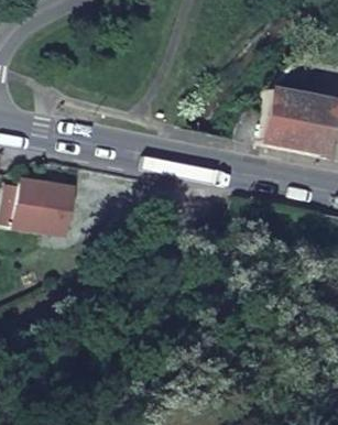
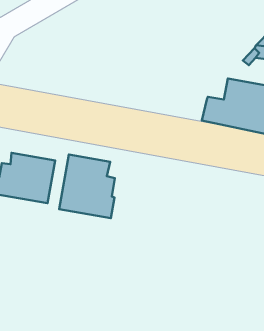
building: none -> [59,154,115,218]

